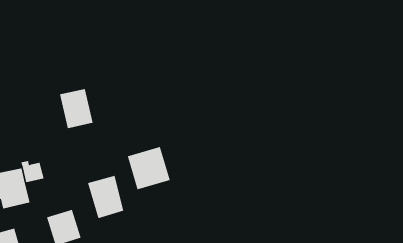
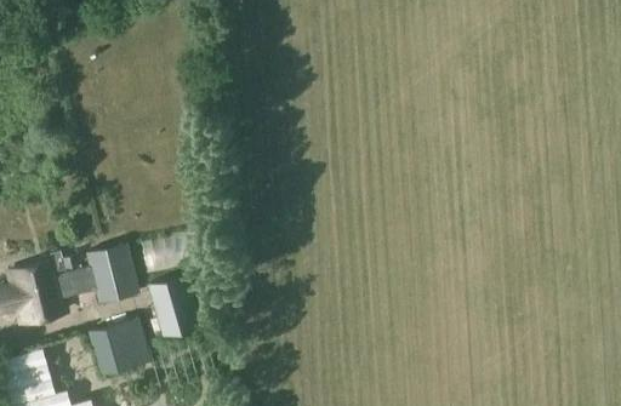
building: [59,88,94,129] -> [90,242,141,302]
building: [127,146,170,190] -> none

